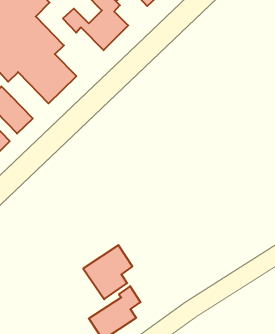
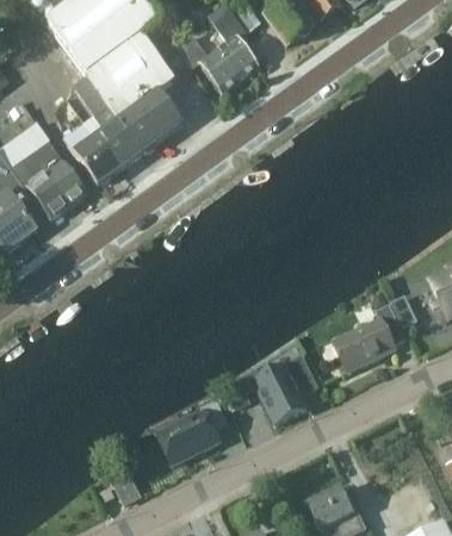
building: none -> [95,105,143,167]
building: none -> [329,301,404,369]
building: [83,245,132,299] -> [253,354,316,420]

